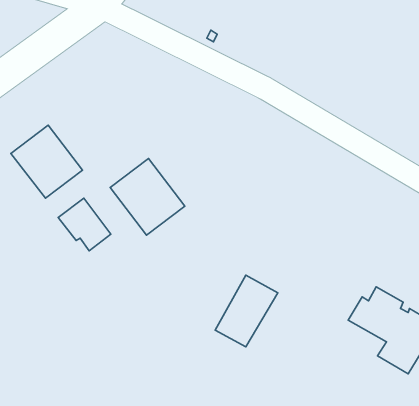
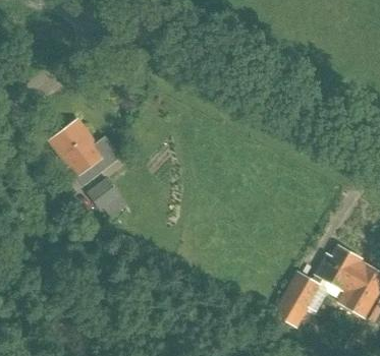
building: [110,159,185,235] -> none
building: [215,275,278,347] -> [273,271,323,328]

